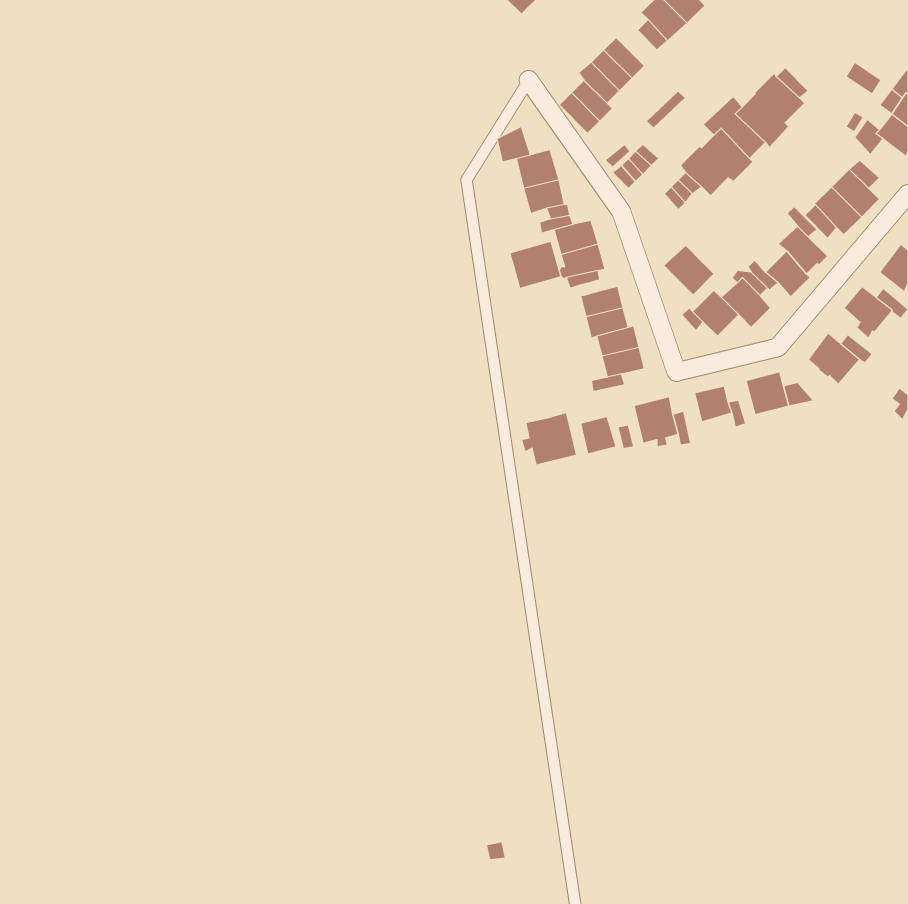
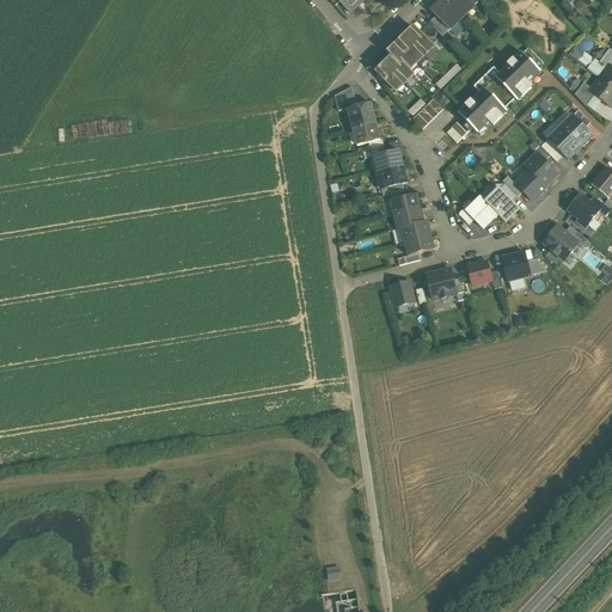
building: [510,241,561,289] -> none
building: [664,245,714,295] -> none
building: [521,412,576,465] -> none

